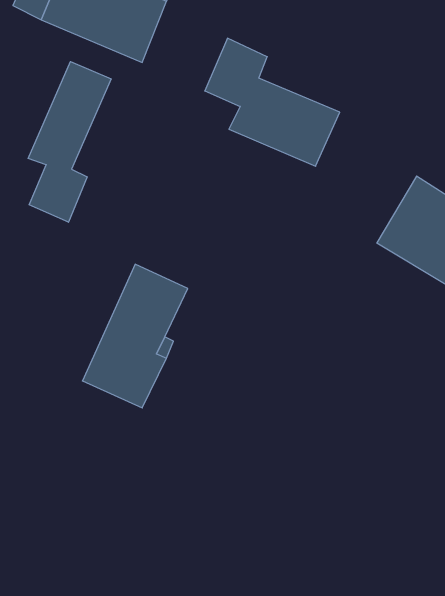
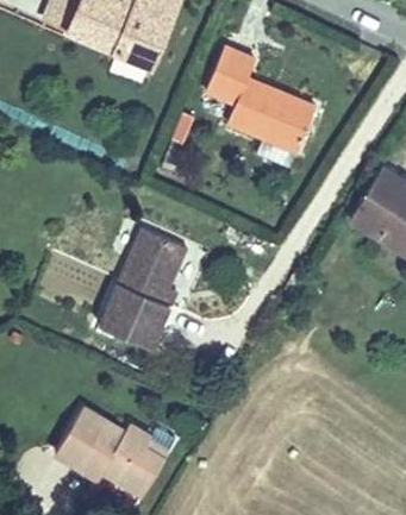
building: [28,62,111,222] -> none
building: none -> [58,401,181,490]

